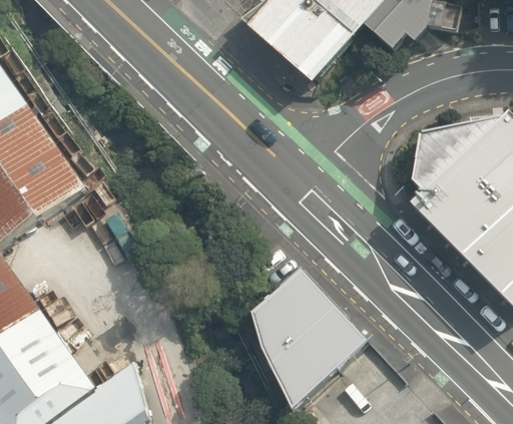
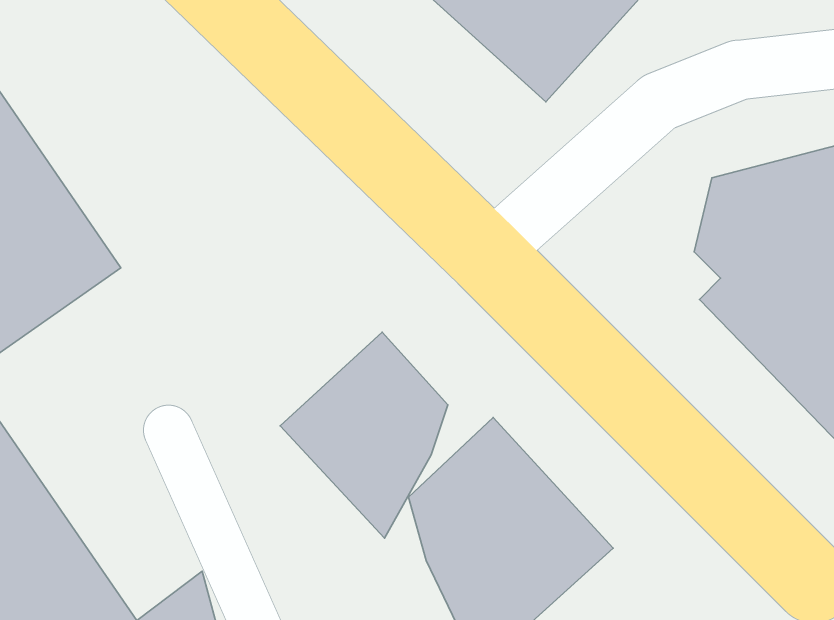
building: none -> [280,332,448,538]

